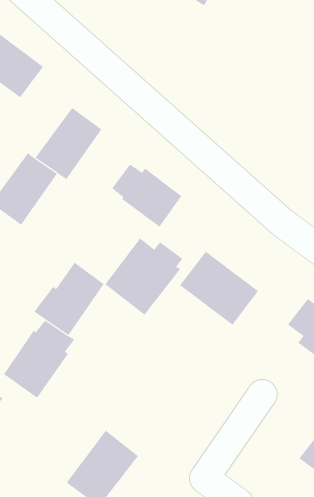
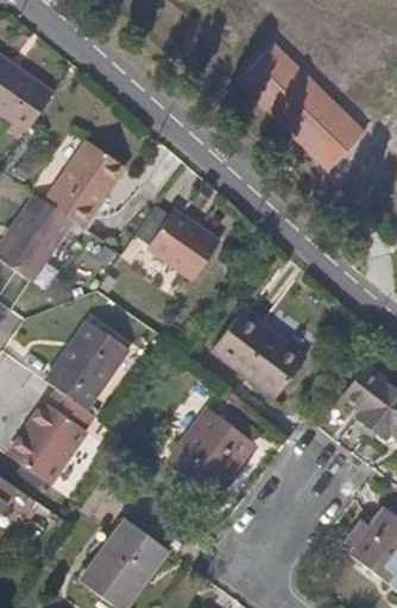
building: none -> [233,45,361,173]
building: [104,238,183,315] -> [169,407,261,499]

